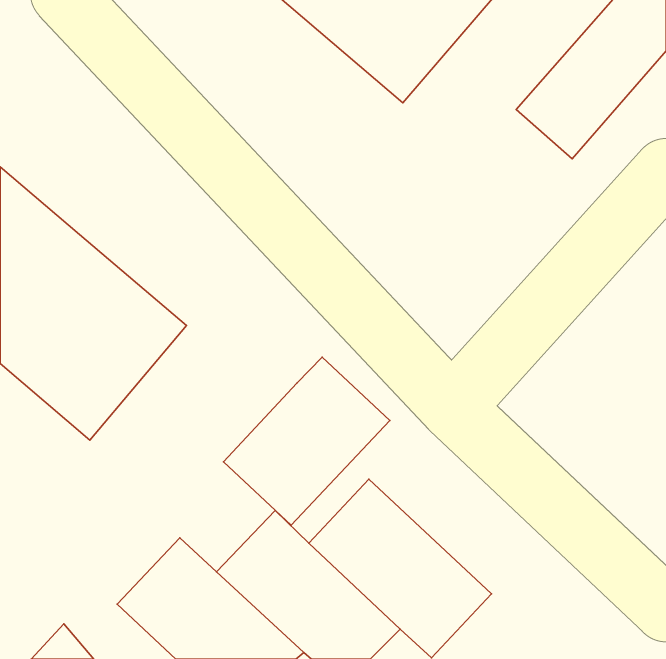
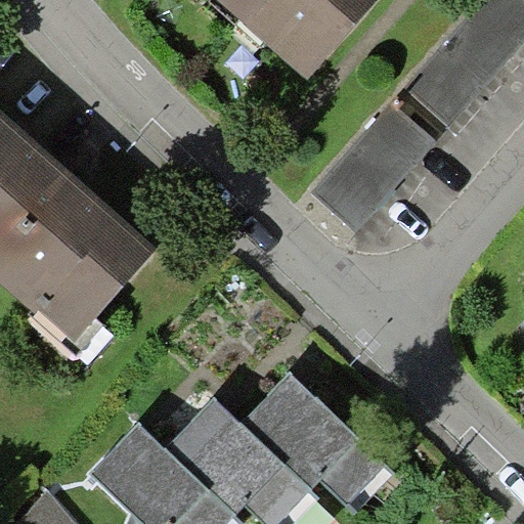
building: none -> [314,99,437,227]
building: [224,357,390,525] -> none

